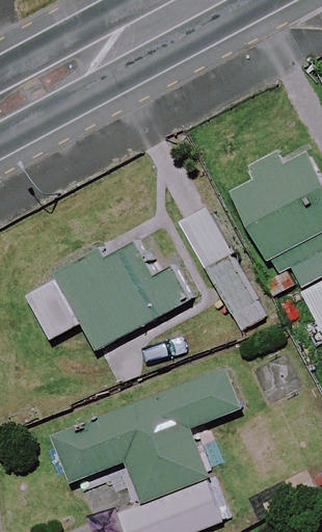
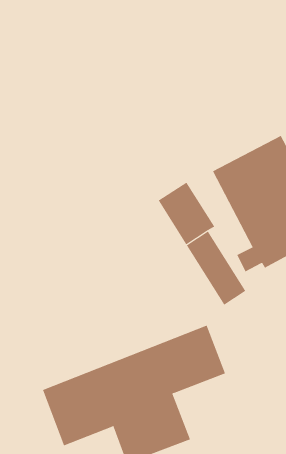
building: [27,230,193,352] -> none

